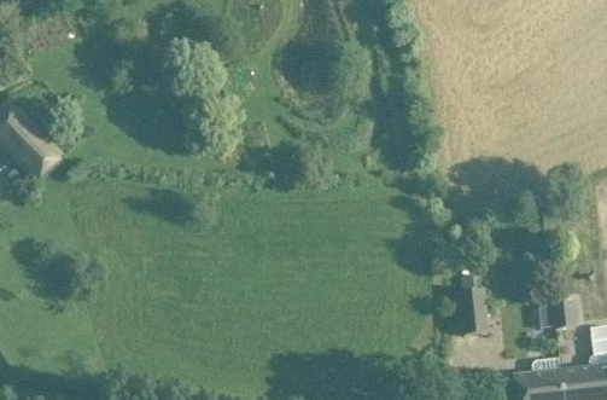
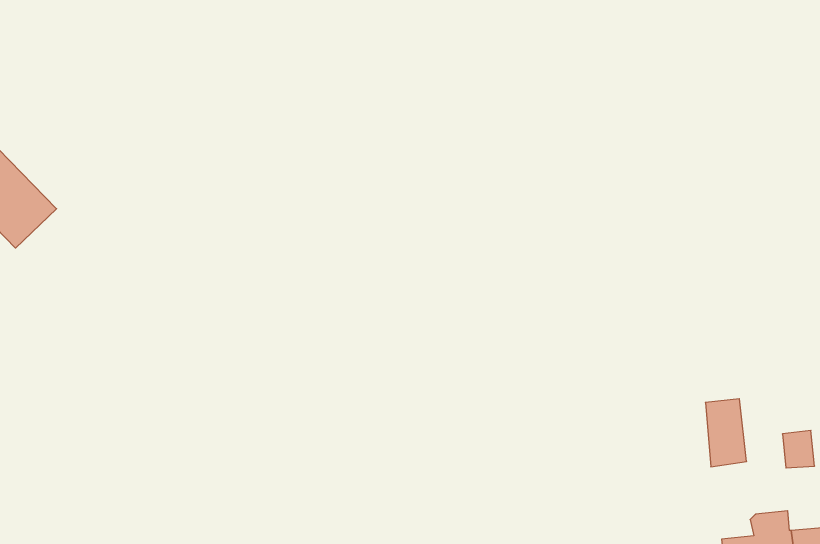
building: [460,288,488,334] -> [705,399,747,467]

